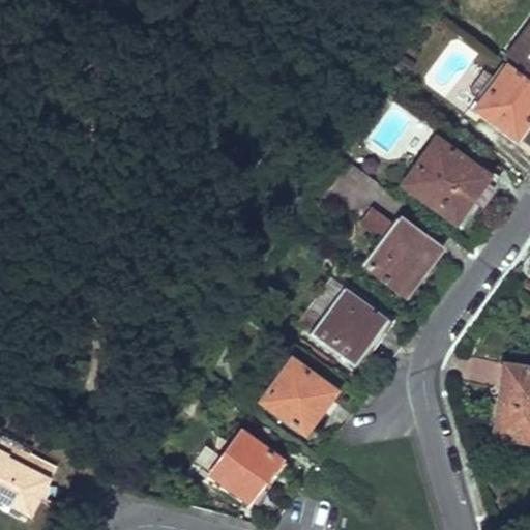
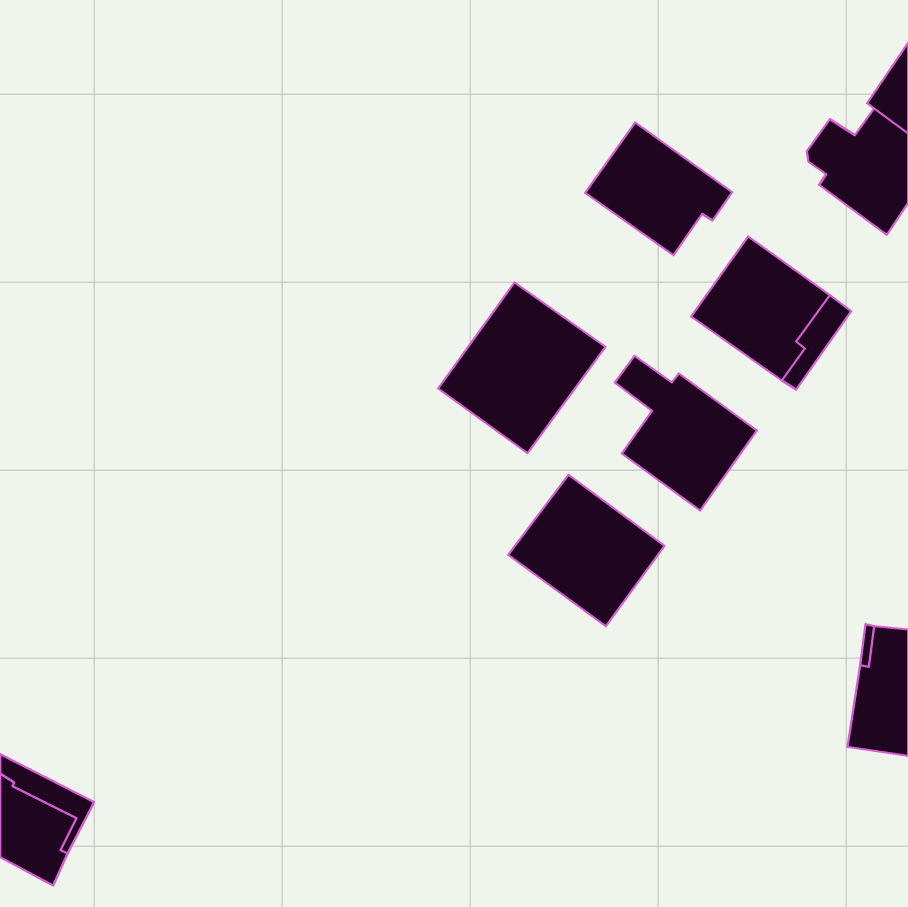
building: none -> [585,123,732,255]
building: none -> [438,282,606,453]
building: [261,359,332,433] -> none
building: [210,432,281,503] -> none

